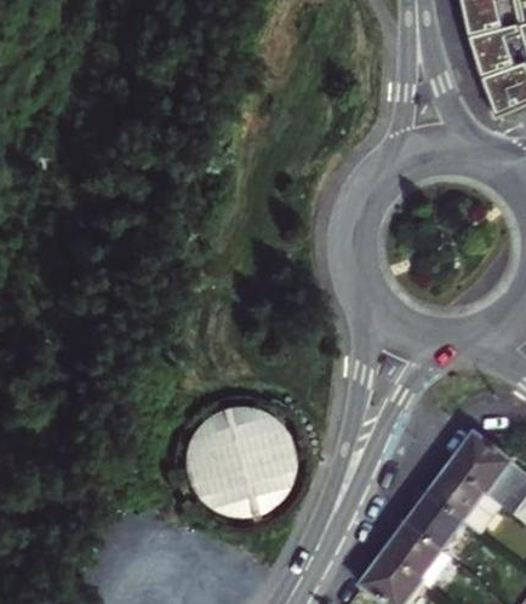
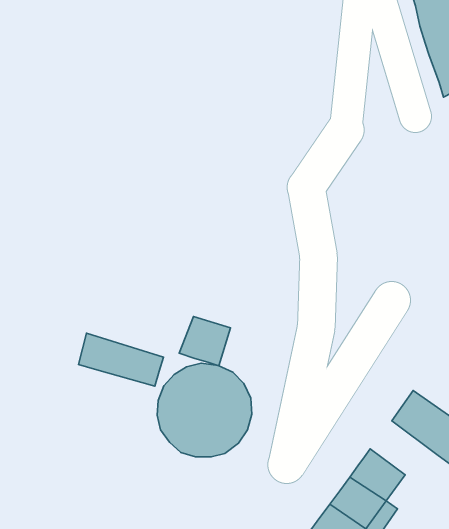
building: none -> [179,316,231,366]
building: none -> [78,333,164,386]
building: [421,466,492,533] -> none

